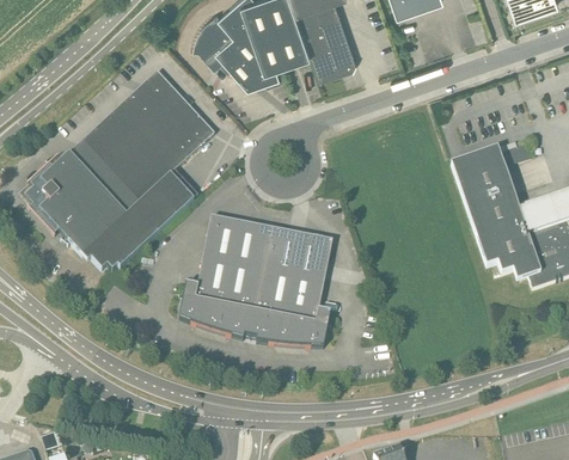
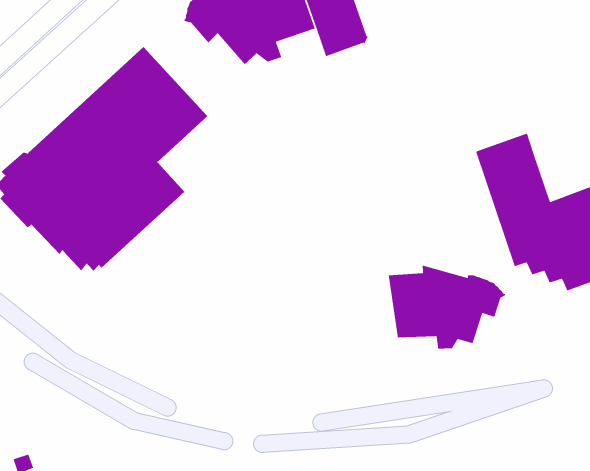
building: [179,216,334,346] -> none
building: none -> [388,265,508,349]

